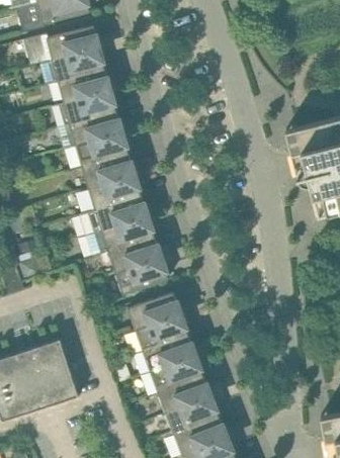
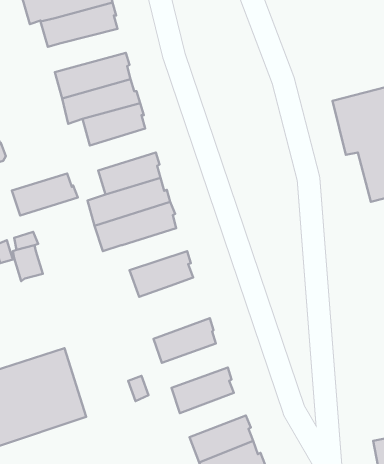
building: [58,70,112,103] -> none
building: [82,154,138,189] -> [12,174,78,216]
building: [109,238,164,273] -> none
building: [129,293,183,331] -> none
building: [143,335,198,372] -> none
building: [158,376,214,414] -> none

